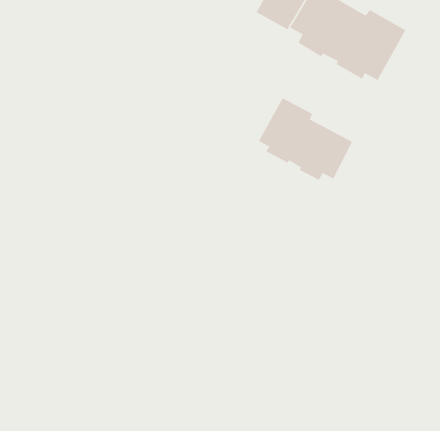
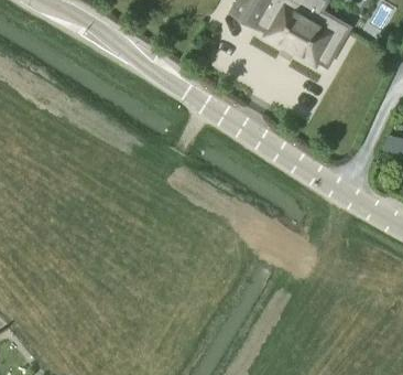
building: [258,97,353,181] -> none

